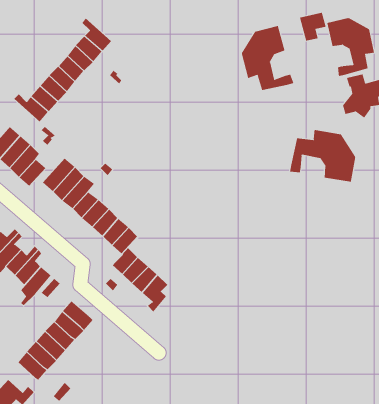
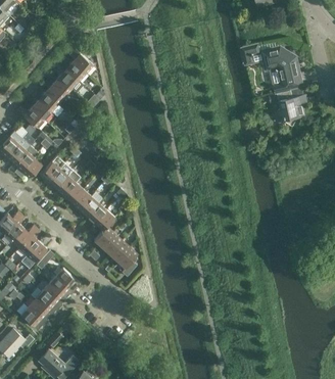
building: [241,25,294,91] -> none
building: [290,129,356,183] -> none

